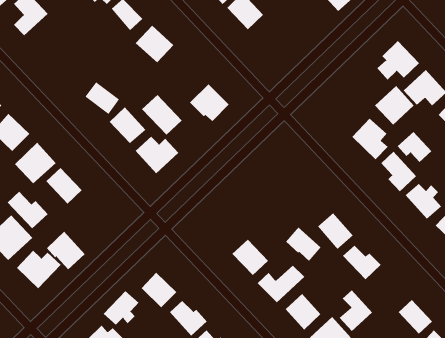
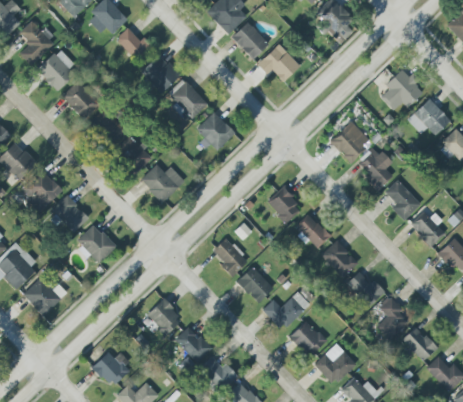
building: none -> [258,44,300,81]
building: none -> [37,48,75,90]
building: none -> [62,81,100,119]
building: [374,85,414,126] -> [331,121,371,161]
building: [141,94,183,136] -> [168,78,209,119]
building: [397,131,432,163] -> none
building: none -> [268,187,302,223]
building: [7,191,48,229] -> none
building: none -> [213,237,249,277]
building: [285,226,321,262] -> [295,214,331,249]
building: [46,231,85,270] -> [77,224,116,263]
building: [339,289,373,332] -> [376,298,410,340]
building: [103,290,139,325] -> none

